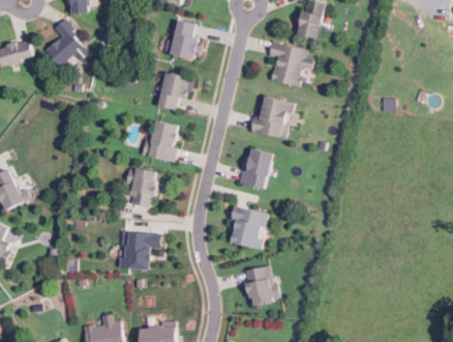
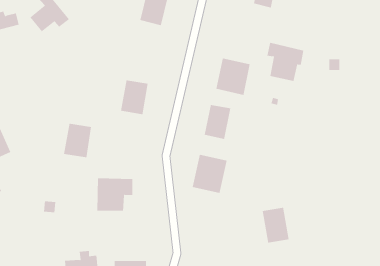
building: [268,42,310,87] -> [267,42,304,82]
building: [158,74,191,110] -> none
building: [125,168,157,207] -> [63,123,92,158]
building: [244,266,275,307] -> [262,207,289,243]

